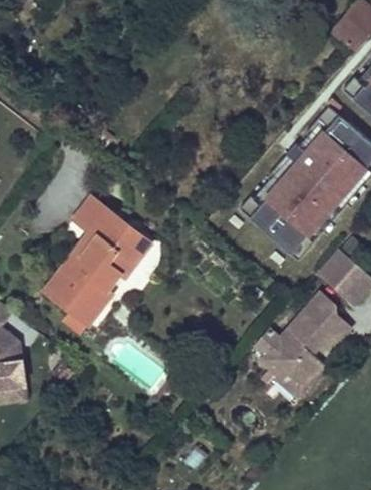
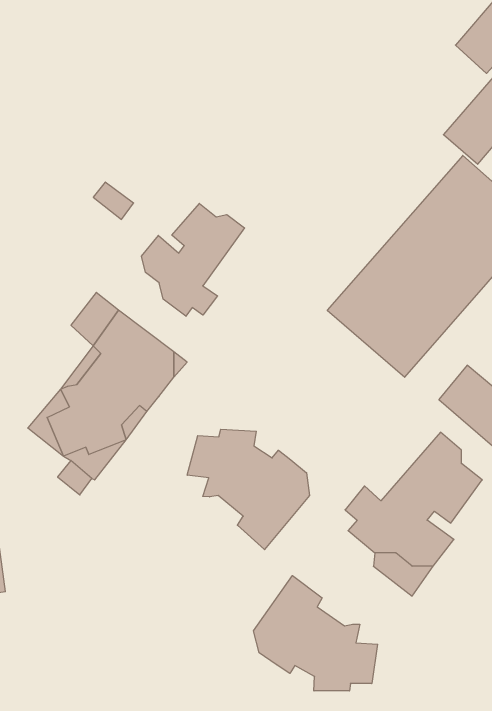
building: none -> [142,203,245,316]
building: none -> [187,429,309,550]
building: none -> [254,576,378,691]

